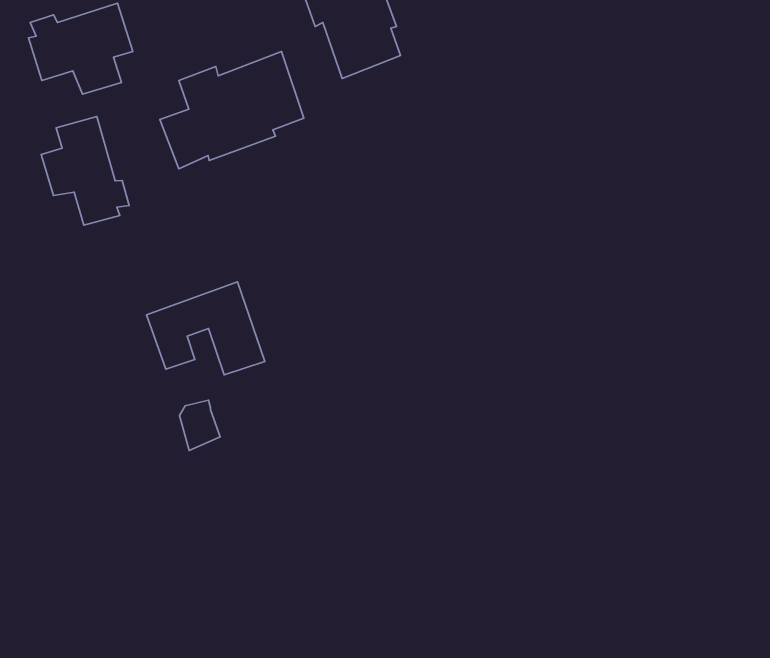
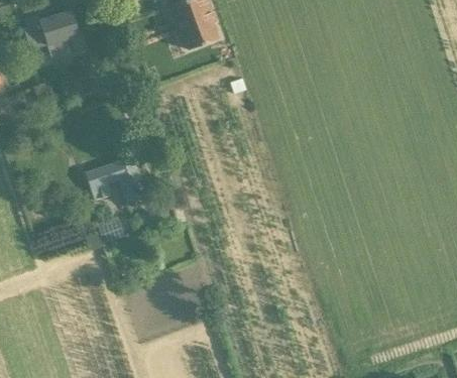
building: [160,51,304,169] -> none
building: [41,117,129,225] -> none

